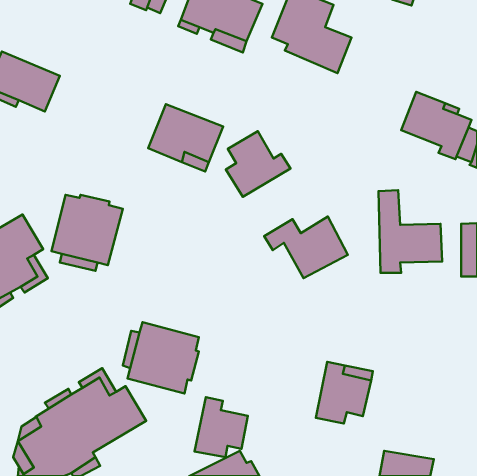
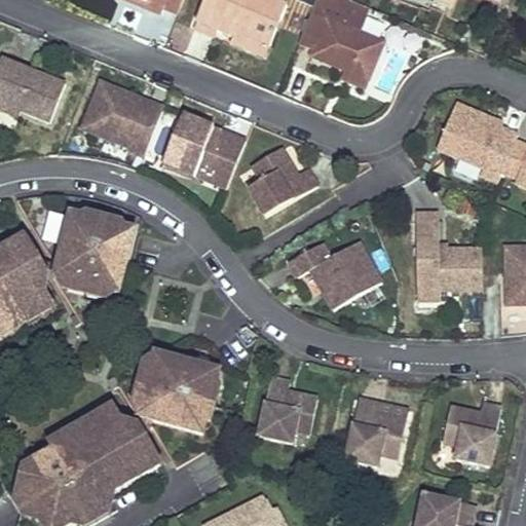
building: none -> [79,81,163,155]
building: none -> [443,401,501,463]
building: [195,397,248,457] -> [259,375,317,441]

